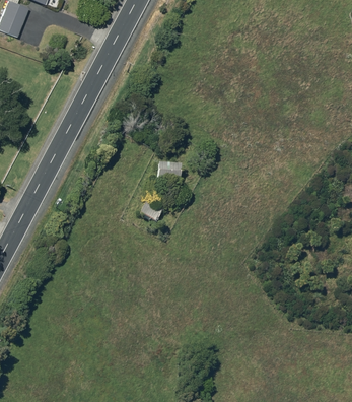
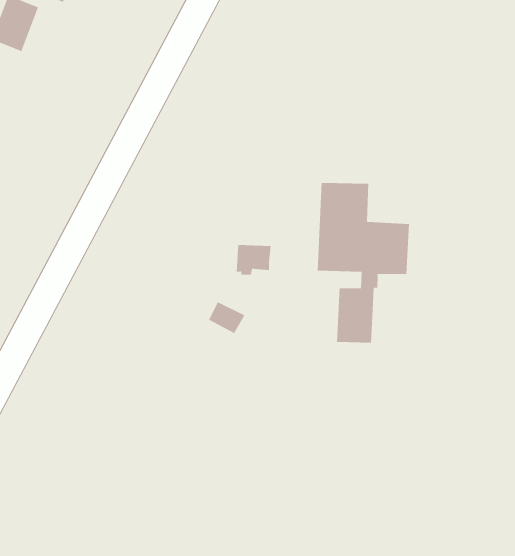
building: none -> [317,182,410,343]

